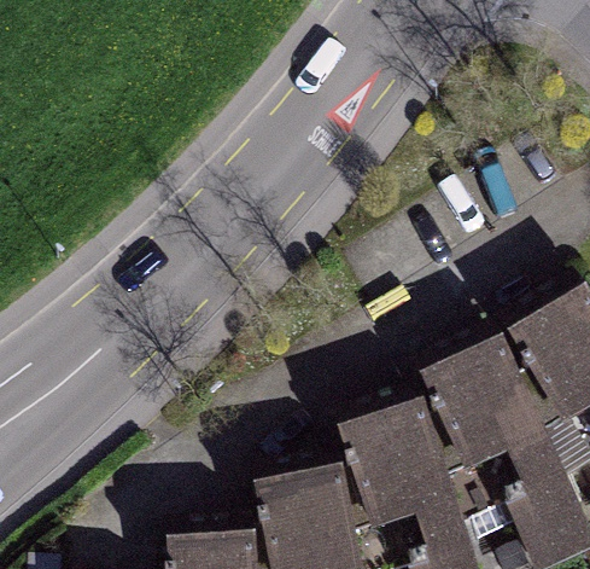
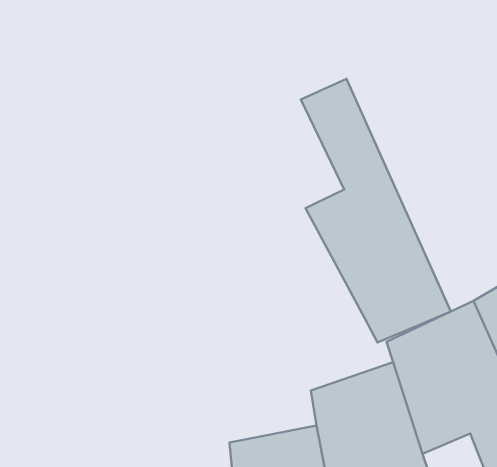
building: none -> [301,79,451,342]

